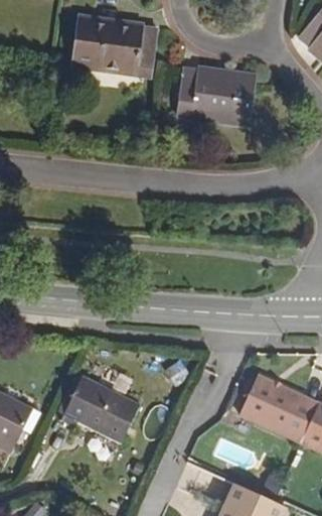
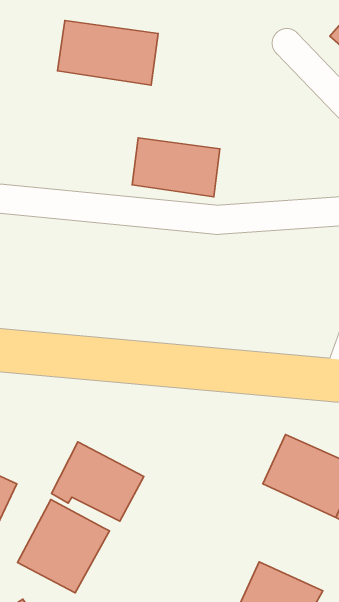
building: [176,74,250,123] -> [132,138,220,197]
building: none -> [17,500,109,593]

